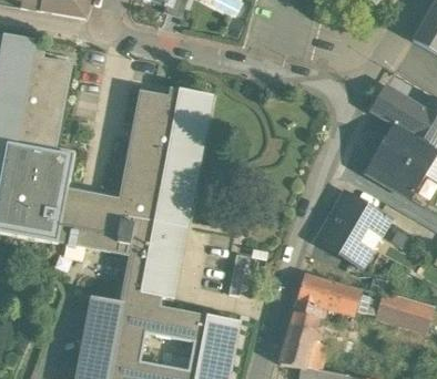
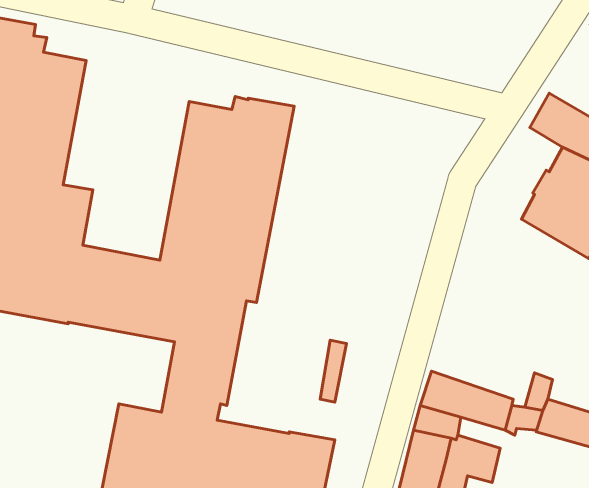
building: [318,193,387,264] -> none

